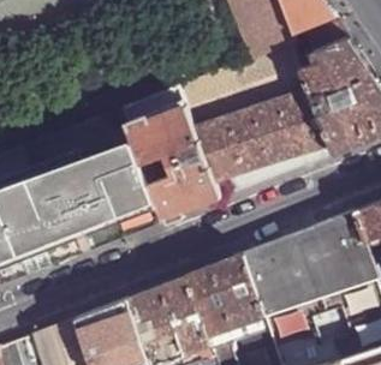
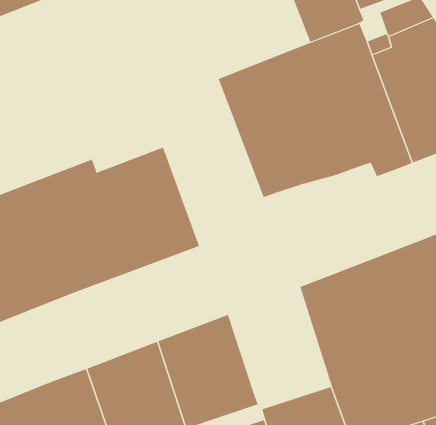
building: [121,86,219,220] -> none
building: [185,252,267,349] -> none

